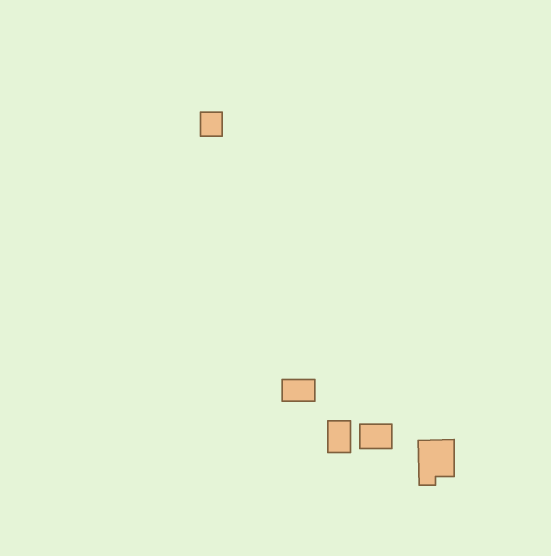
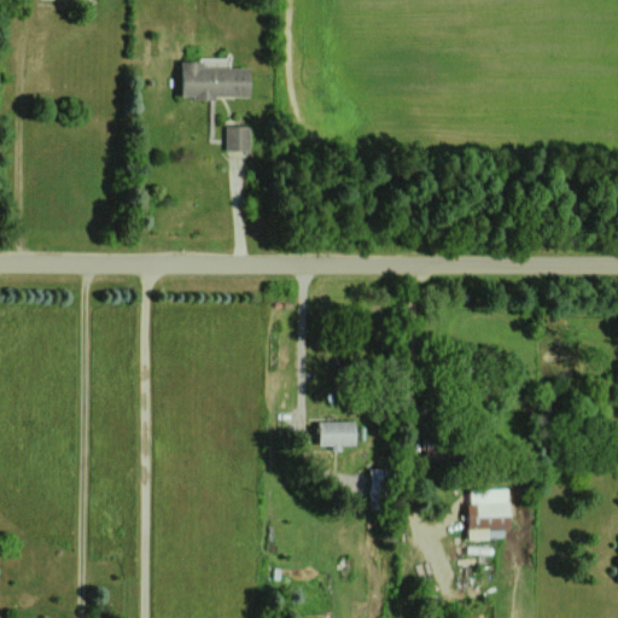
building: none -> [181,66,250,100]
building: [360,424,392,448] -> none

